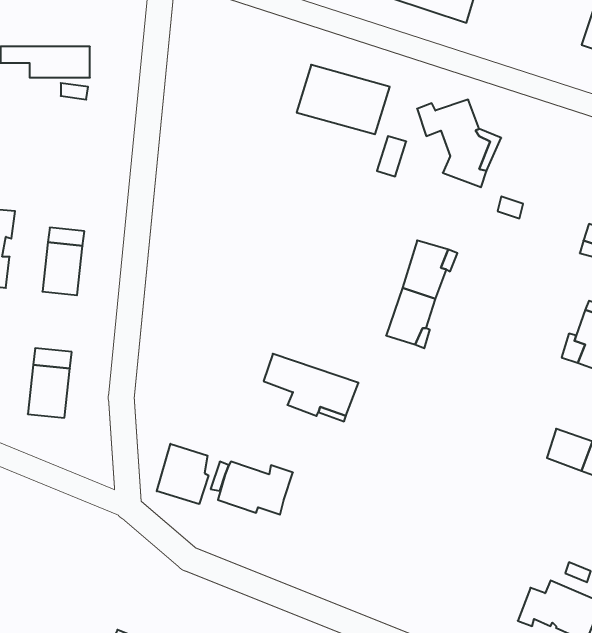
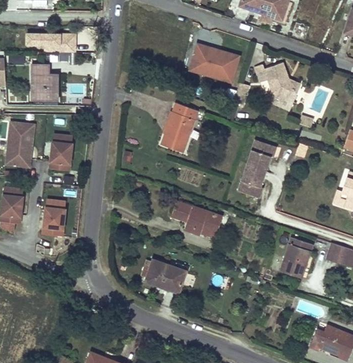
building: none -> [32,64,54,100]
building: none -> [161,102,198,152]
building: none -> [281,237,312,276]
building: [157,444,208,504] -> none

